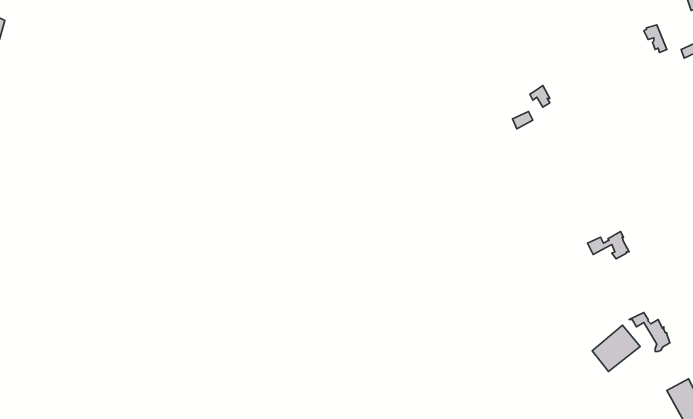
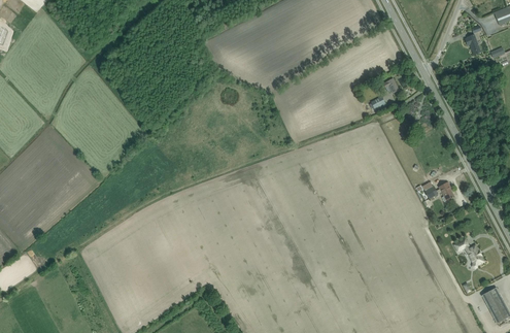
building: [592,325,640,372] -> none

